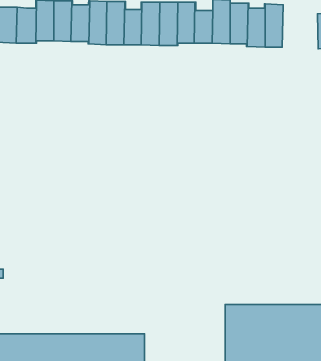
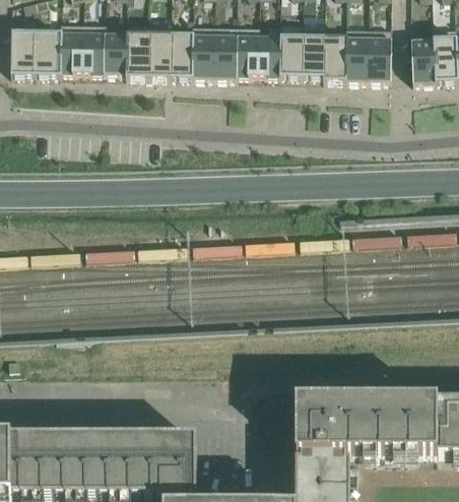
building: none -> [367,24,391,77]

